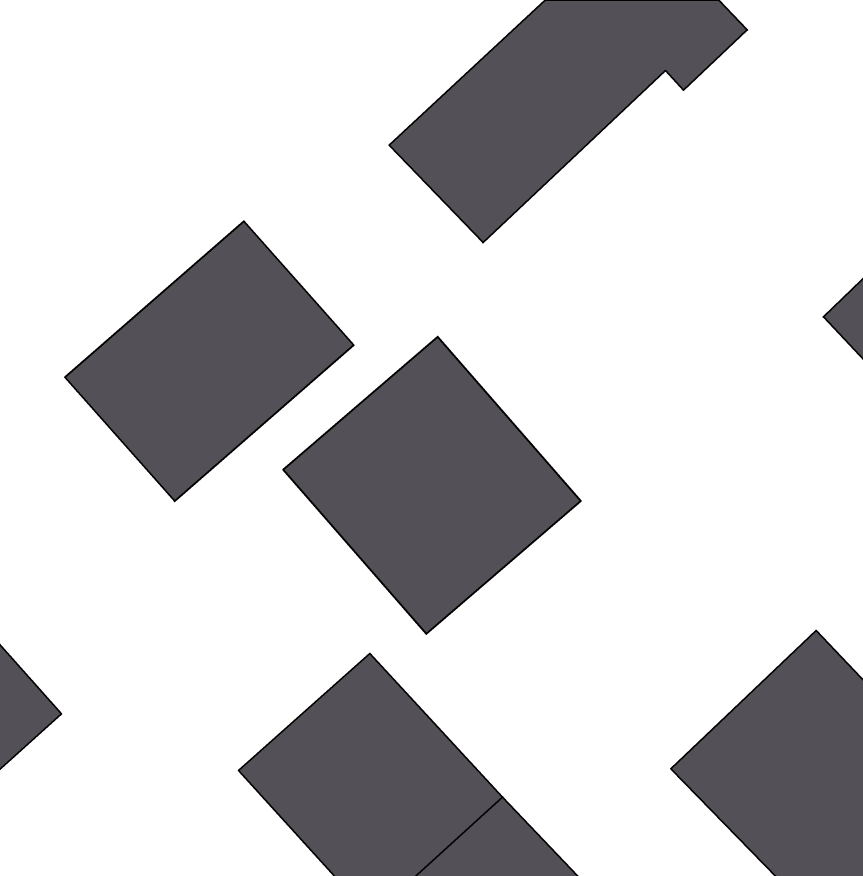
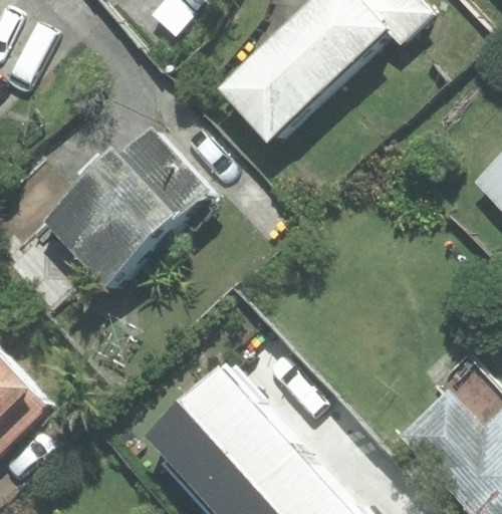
building: [283,337,581,634] -> none

